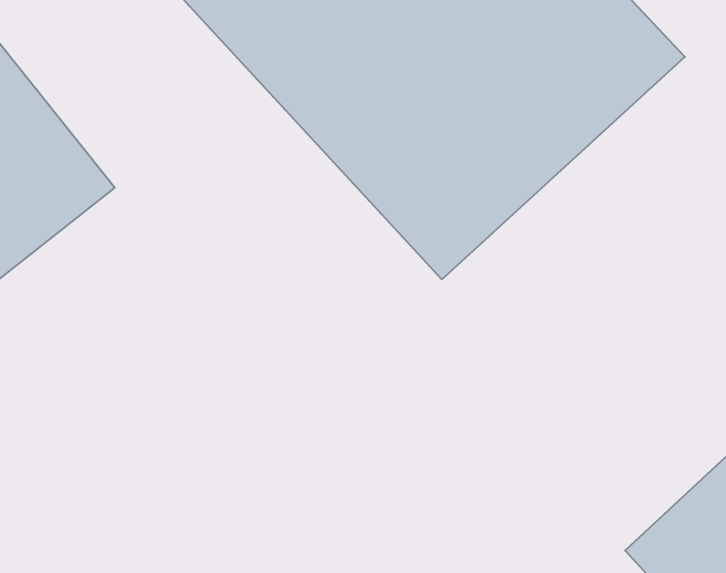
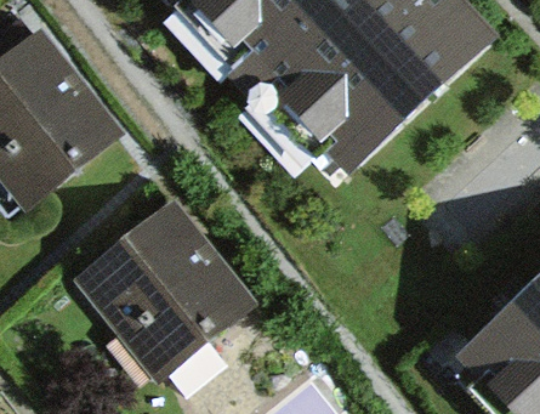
building: none -> [76,205,237,365]

